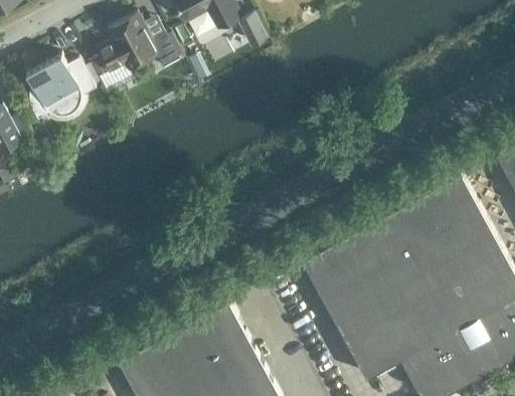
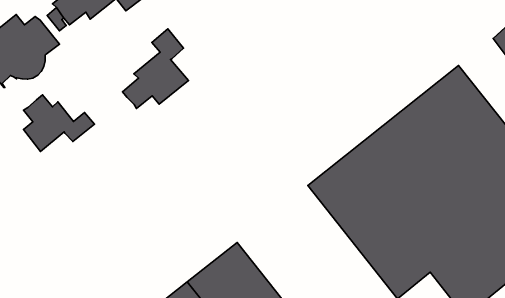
building: none -> [123,29,188,108]
building: none -> [23,95,94,151]

